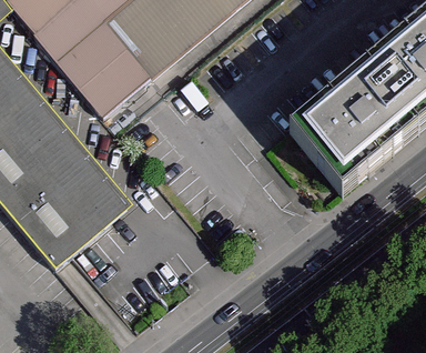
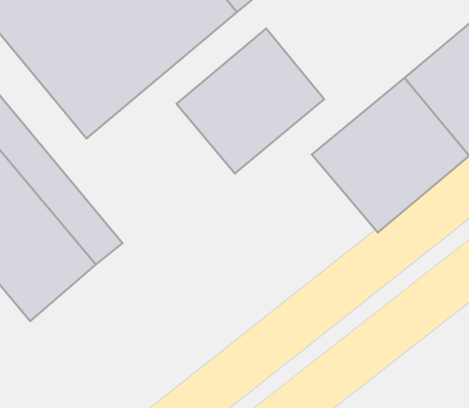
building: none -> [176,28,324,173]

